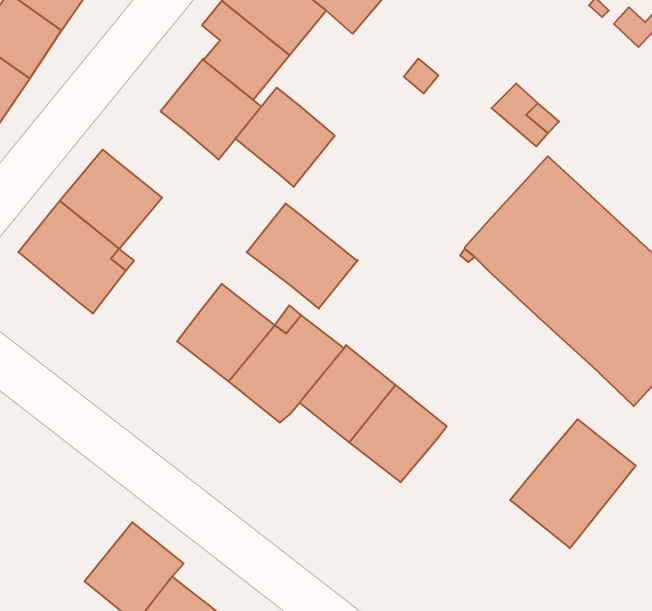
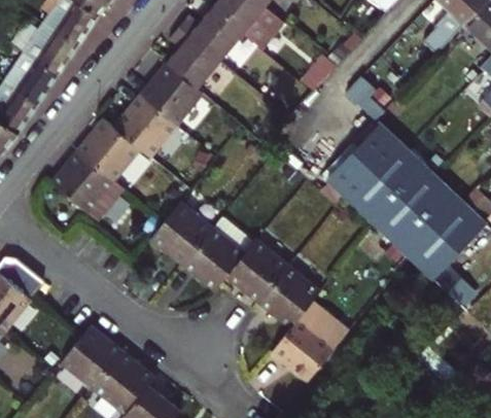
building: [235,88,335,187] -> [113,96,175,158]
building: [247,203,358,309] -> none
building: [510,419,636,548] -> [269,300,347,380]
building: none -> [60,325,121,388]

